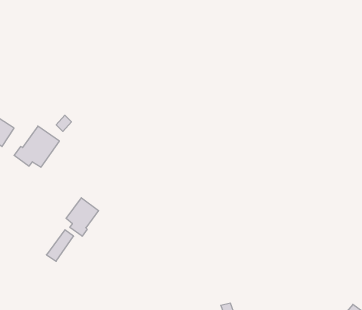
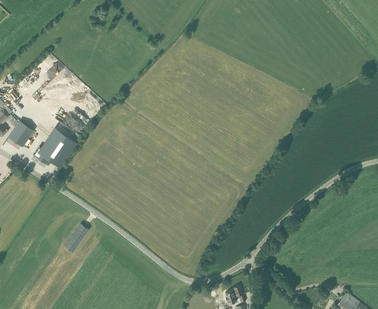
building: [66,198,99,236] -> none

